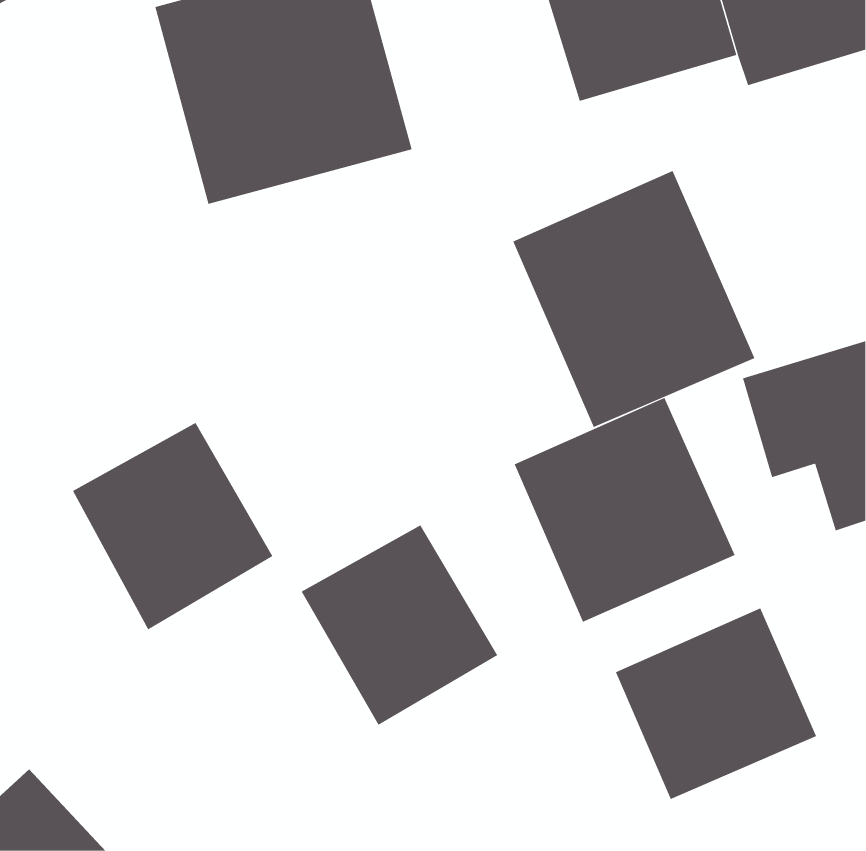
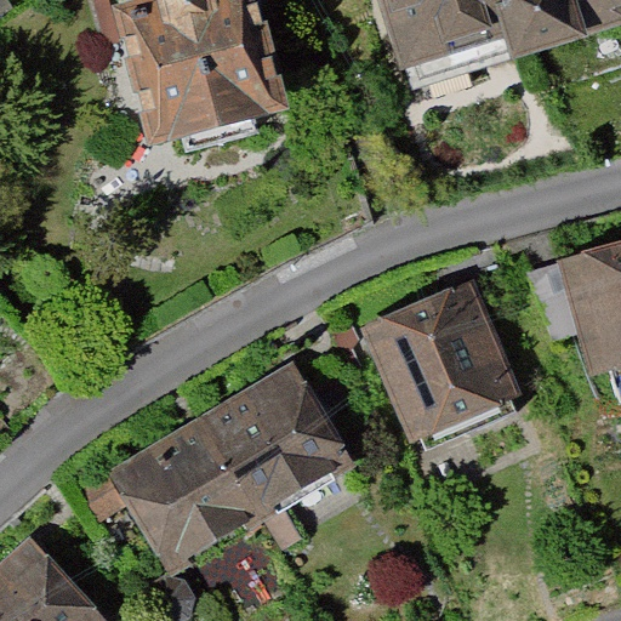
building: [513,170,755,428] -> none
building: [72,422,273,630] -> [125,417,267,564]
building: [615,608,817,800] -> none

